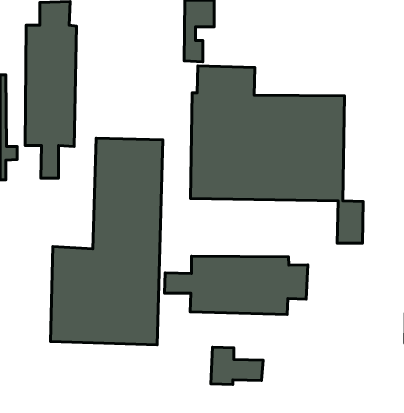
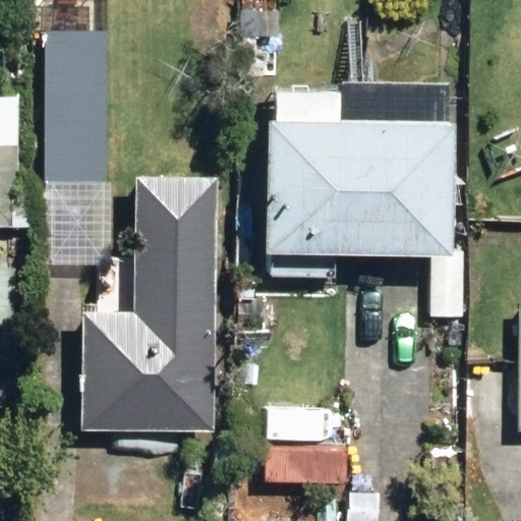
building: [165,256,308,314] -> none

